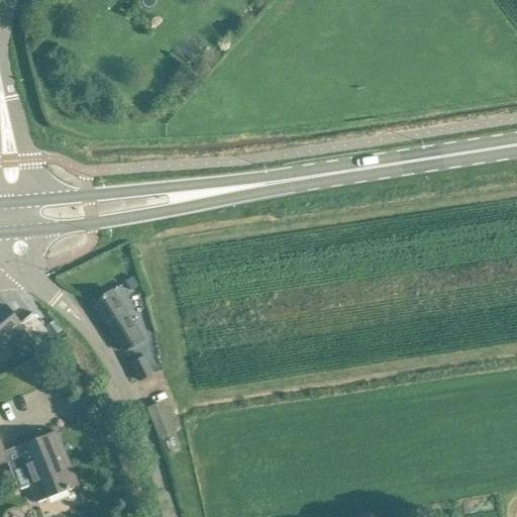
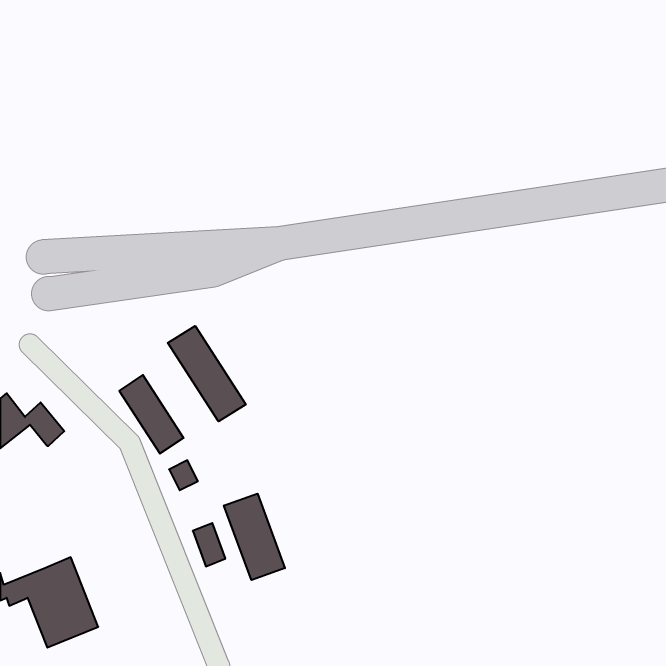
building: none -> [168,326,246,421]
building: none -> [224,494,285,580]

